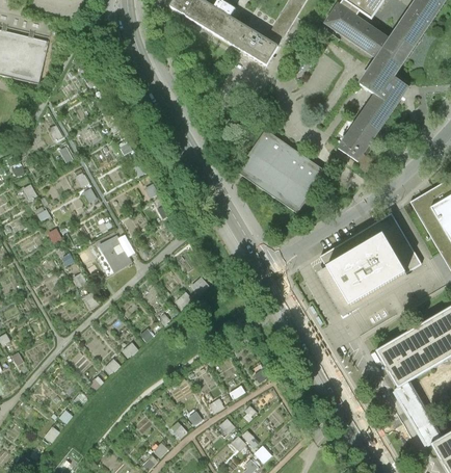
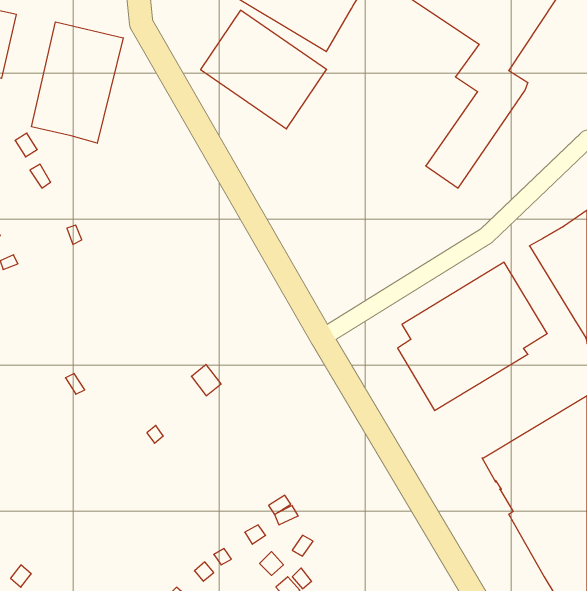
building: none -> [32,22,123,143]
building: [237,131,325,214] -> [201,10,327,129]
building: [99,232,134,271] -> none

